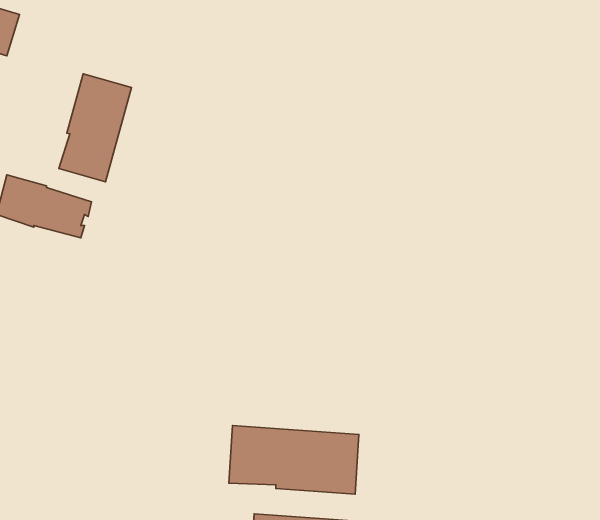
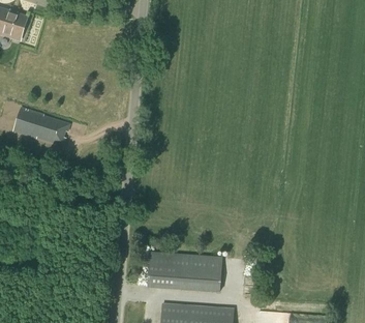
building: [59,74,131,182] -> none

